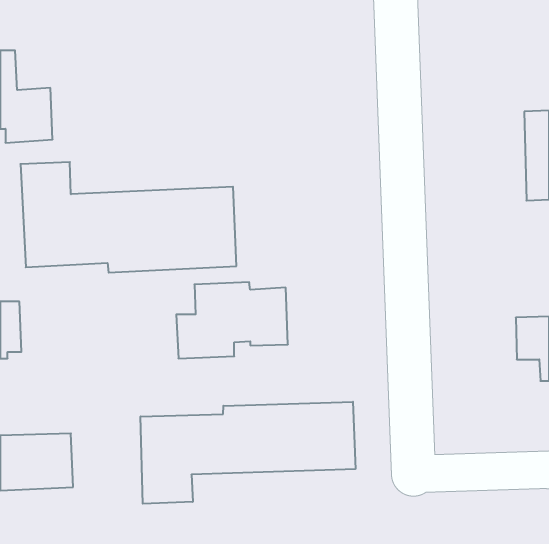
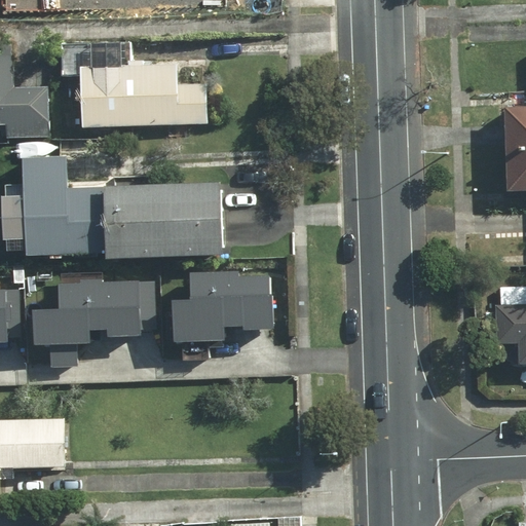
building: none -> [78,64,208,125]
building: none -> [29,280,139,367]
building: [141,402,355,504] -> none

